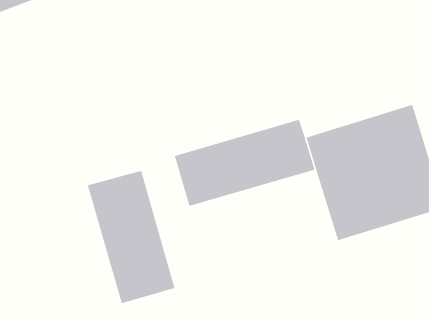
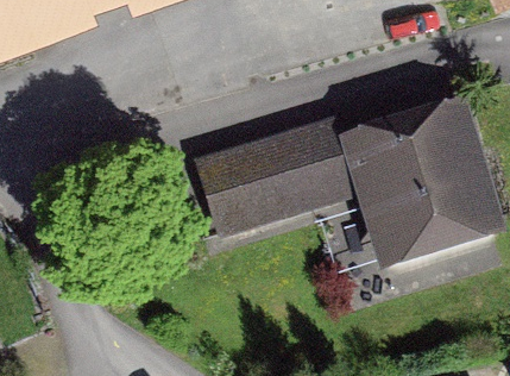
building: [87,170,176,304] -> none

